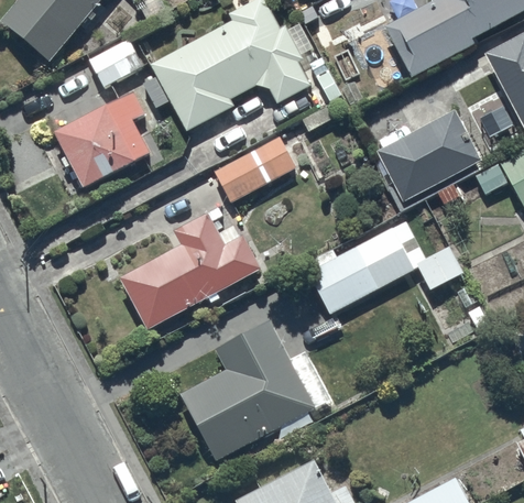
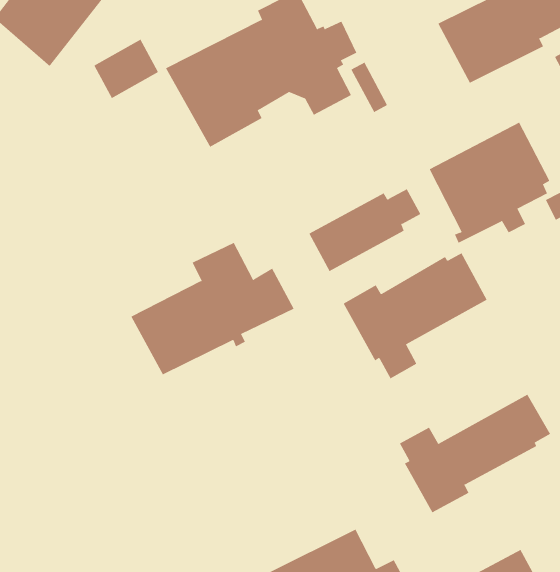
building: [53,91,149,185] -> none
building: [214,133,310,205] -> [309,189,421,272]
building: [181,318,329,459] -> none
building: none -> [399,394,551,513]

